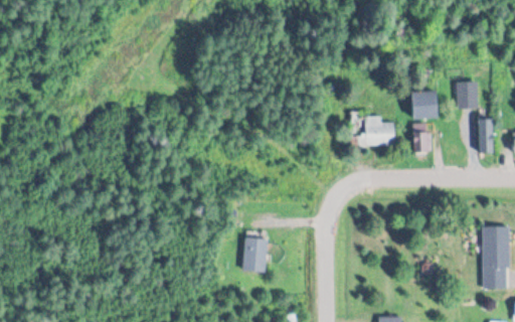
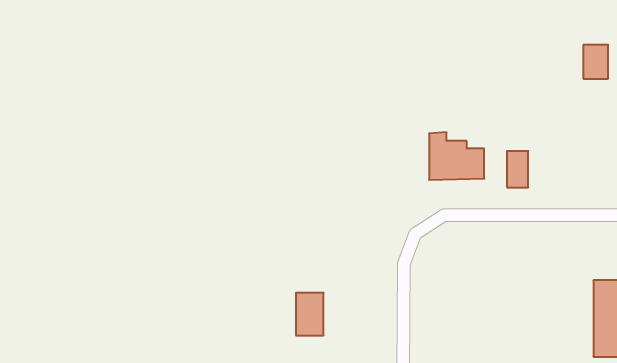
building: [457,82,477,109] -> [583,45,608,79]
building: [412,92,438,118] -> none
building: [479,119,494,154] -> none

